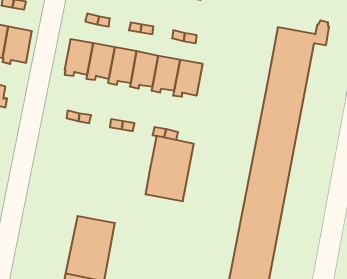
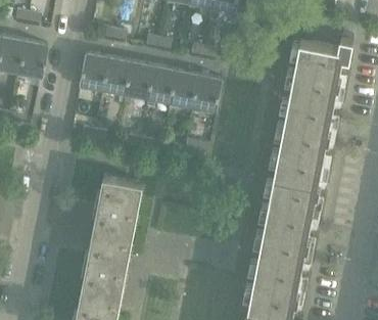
building: [145,136,194,201] -> [94,175,144,242]

